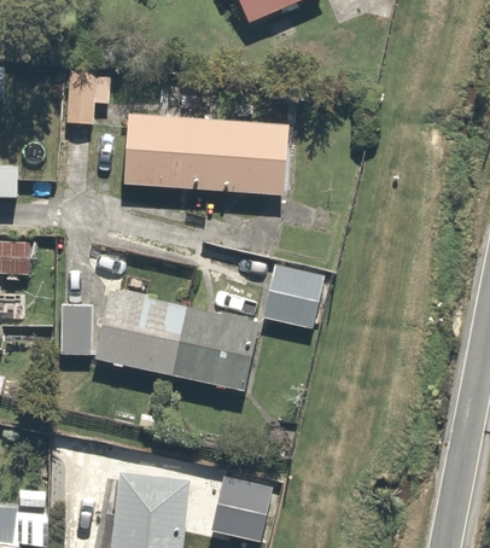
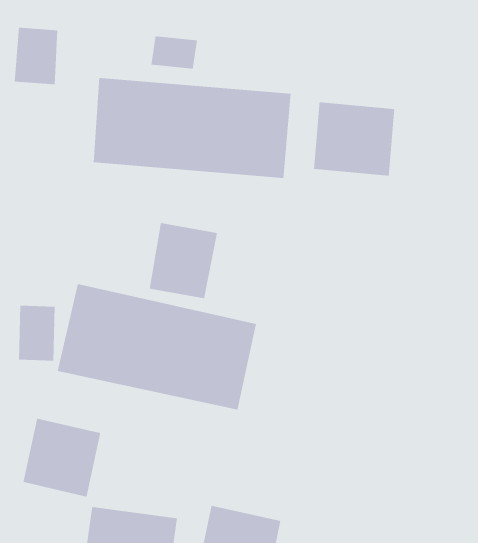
building: none -> [313,102,395,177]
building: [263,258,321,322] -> [149,223,218,299]
building: none -> [23,418,101,497]

